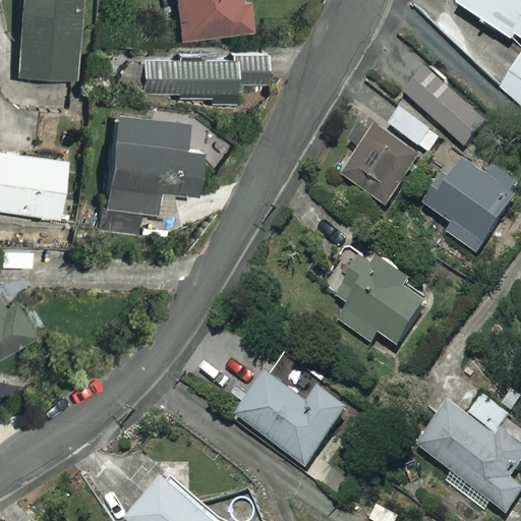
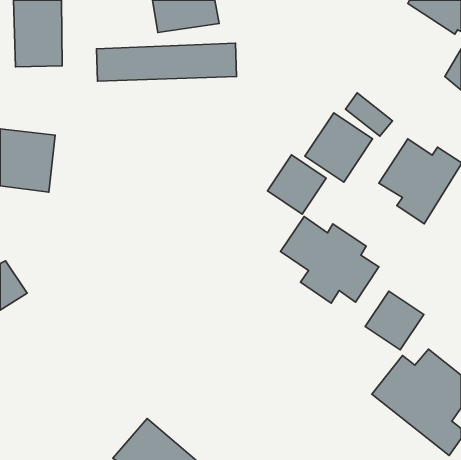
building: [410,73,487,147] -> none
building: [101,110,191,236] -> none
building: none -> [267,155,326,214]
building: none -> [365,291,424,350]
building: [238,373,350,466] -> none

